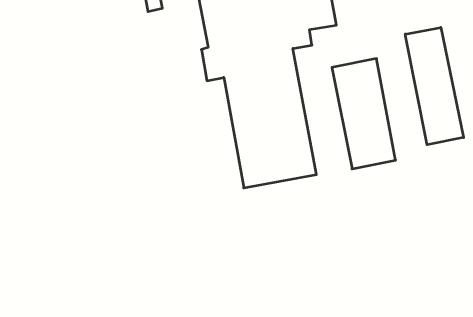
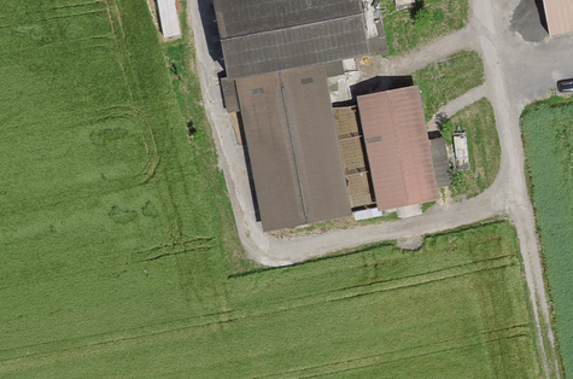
building: [405,27,464,145] -> none

